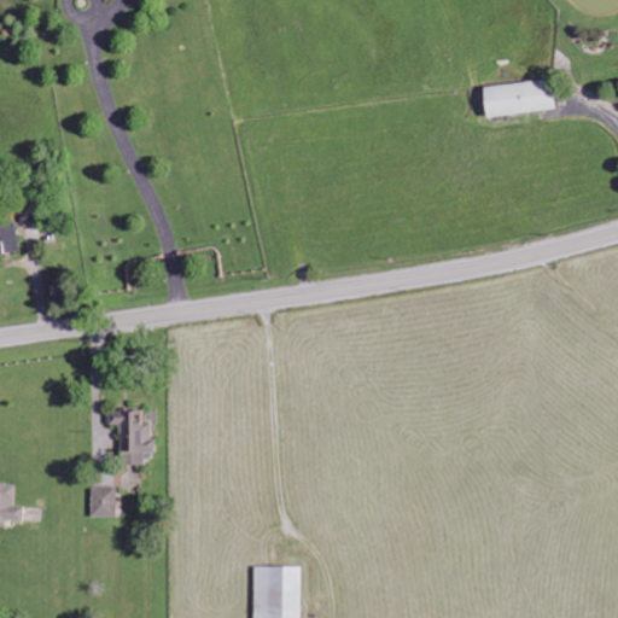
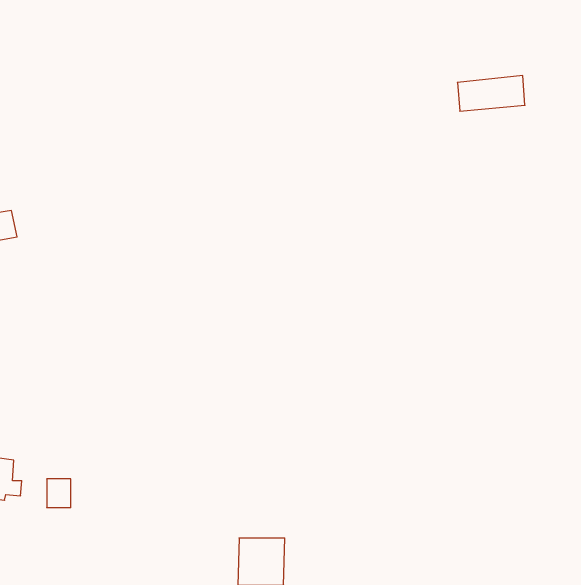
building: [107,410,153,466] -> none
building: [89,488,115,518] -> [47,479,71,508]

